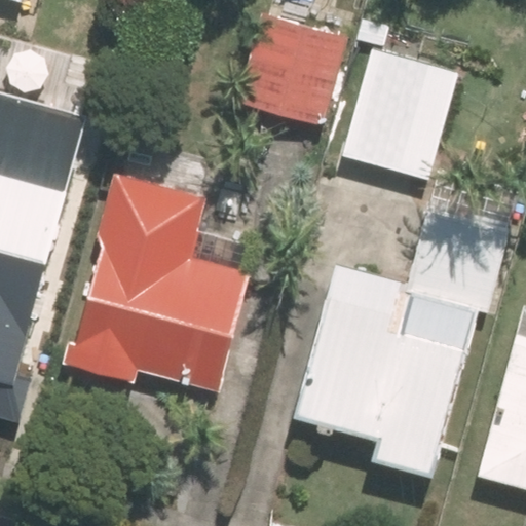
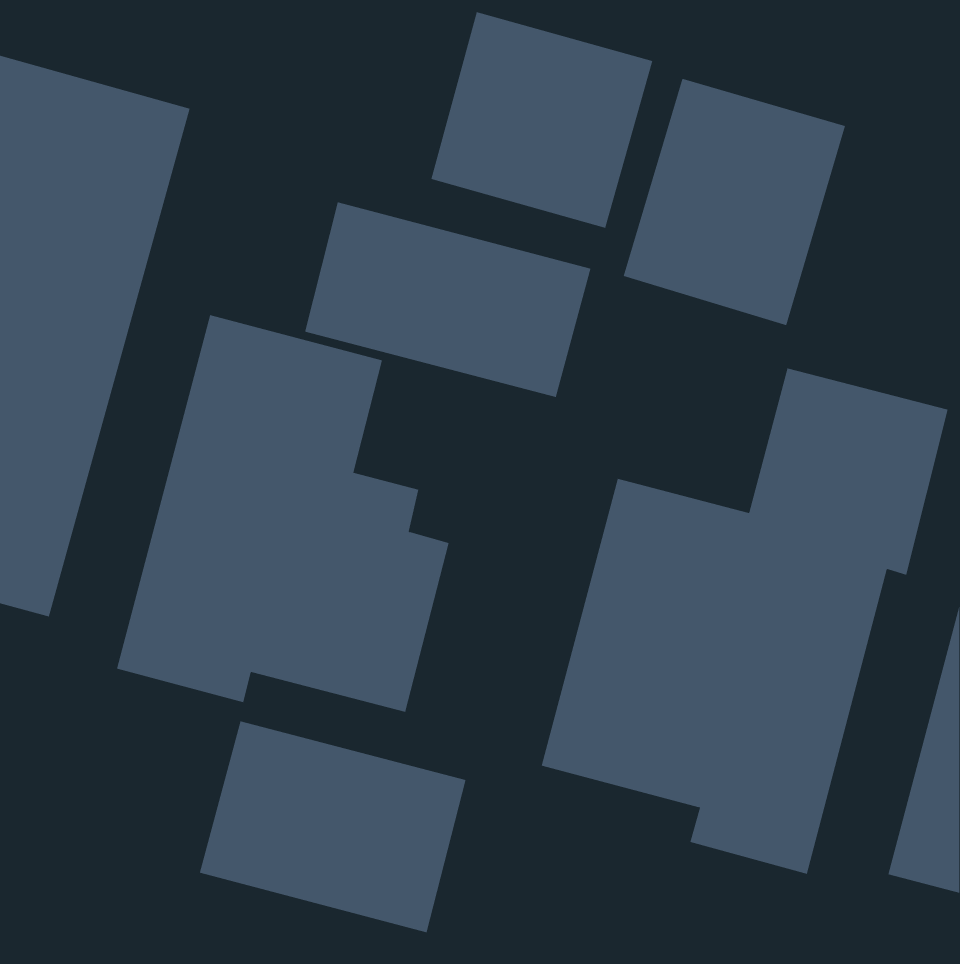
building: none -> [305,201,591,398]
building: none -> [199,721,466,933]

